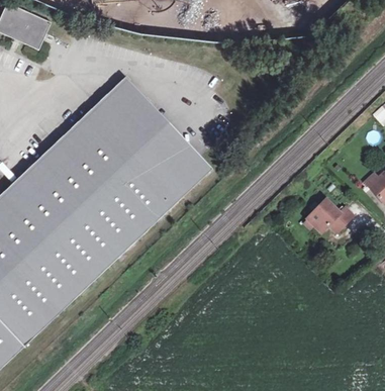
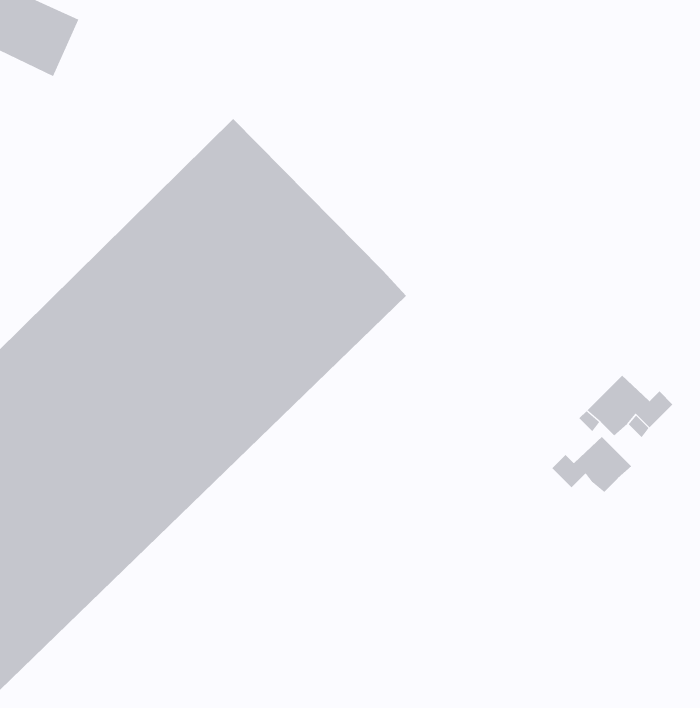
building: none -> [551,436,632,493]

